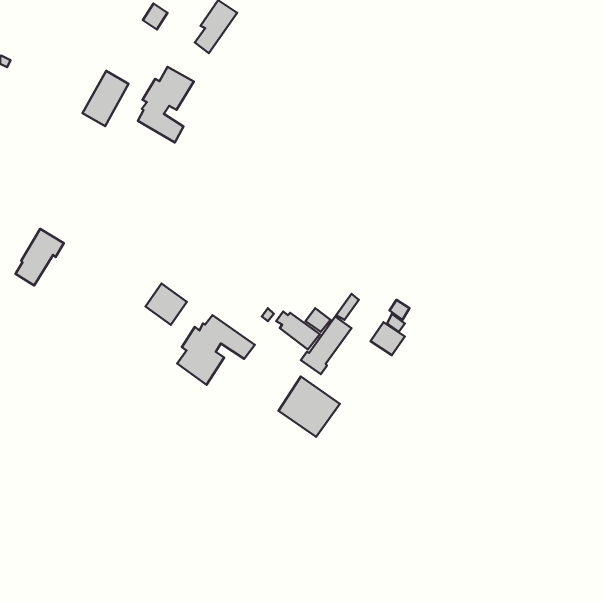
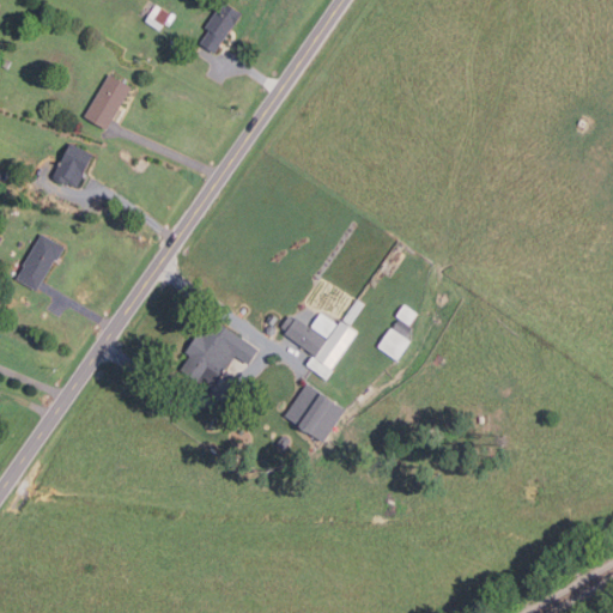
building: [138,67,194,142] -> none
building: none -> [49,142,91,187]
building: [145,284,187,325] -> none

